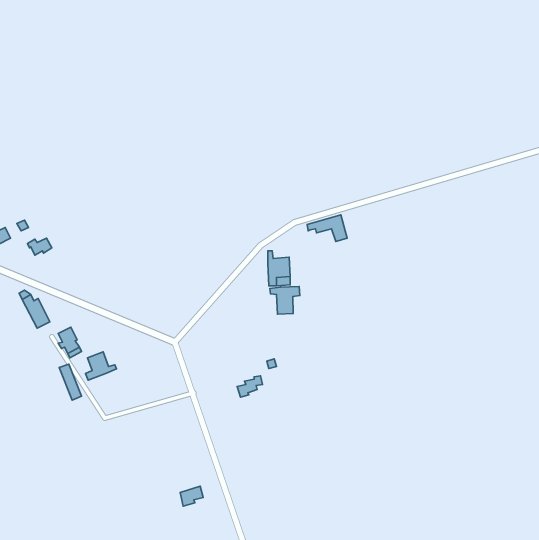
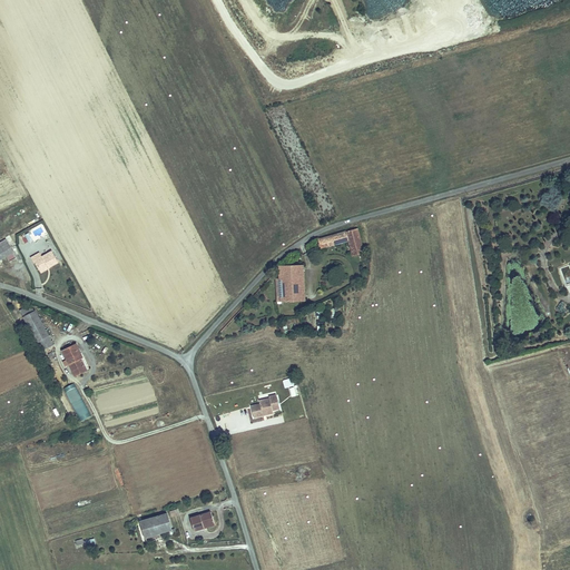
building: [270,286,300,314] -> none
building: [85,352,116,380] -> none
building: none -> [138,512,176,538]

